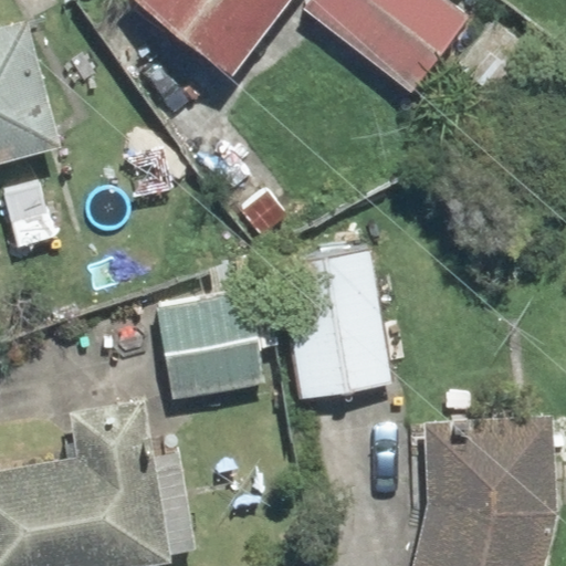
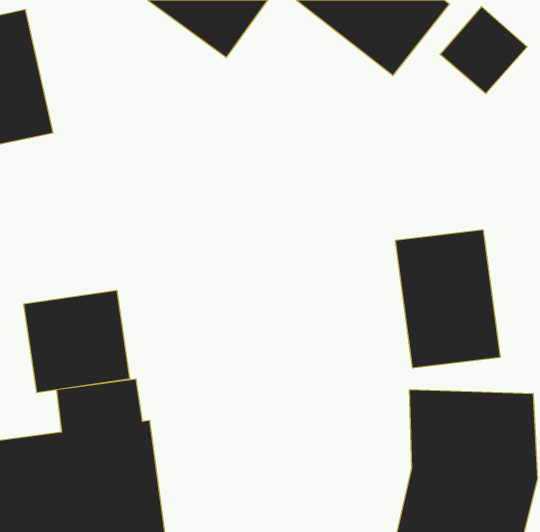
building: [280,251,389,395] -> [395,230,500,368]
building: [155,294,265,400] -> [24,290,130,392]

